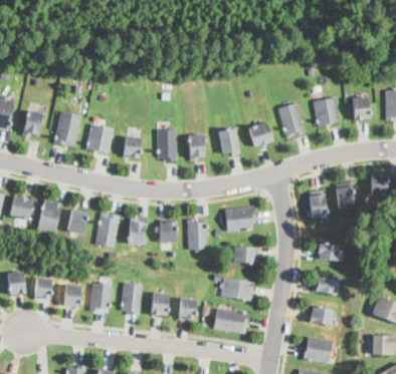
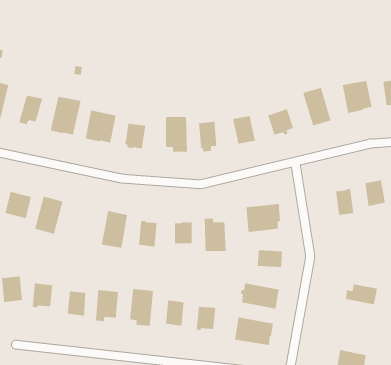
building: [69,210,90,235] -> none
building: [313,243,341,261] -> none
building: [312,306,337,326] -> none

